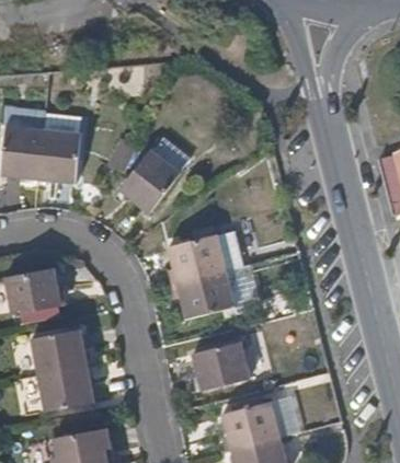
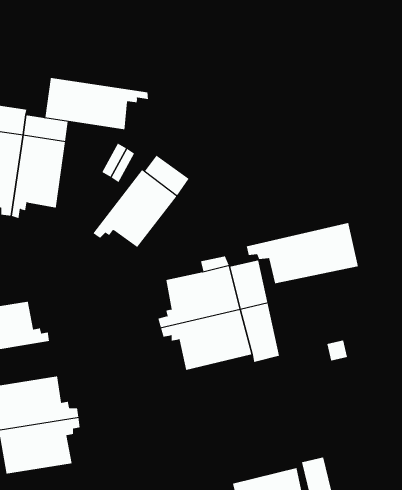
building: none -> [45,77,149,130]
building: none -> [246,222,359,284]
building: [172,346,248,395] -> none

